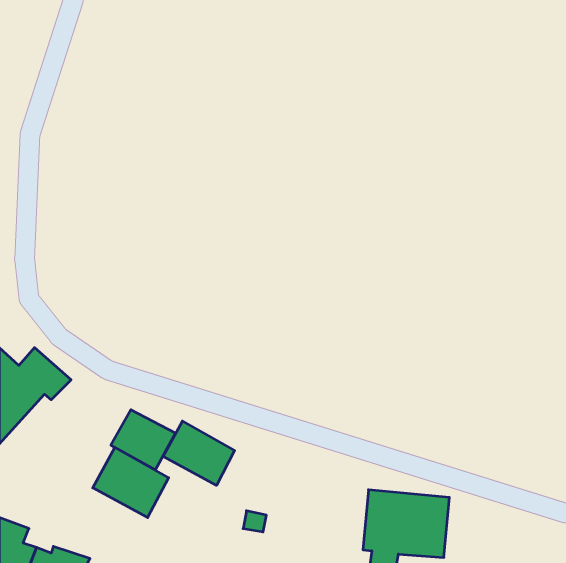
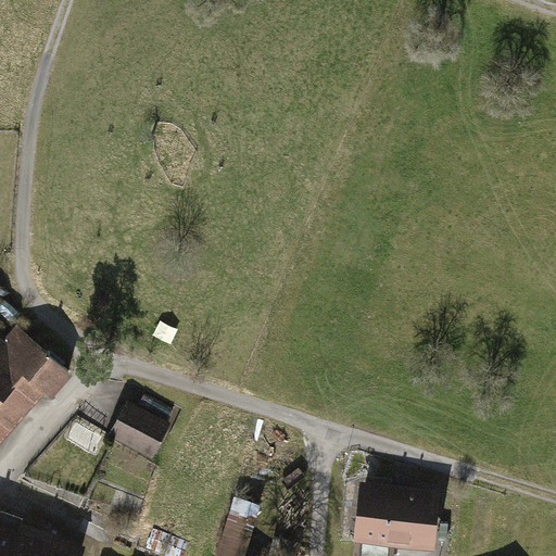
building: [163,421,235,485] -> none
building: [93,447,169,518] -> none

